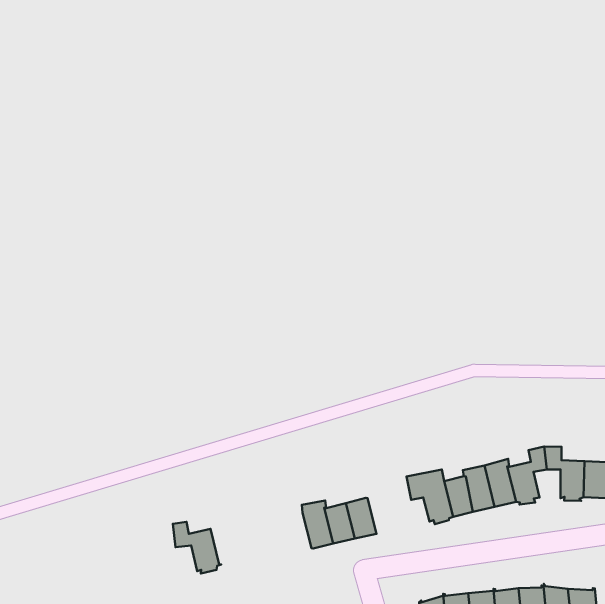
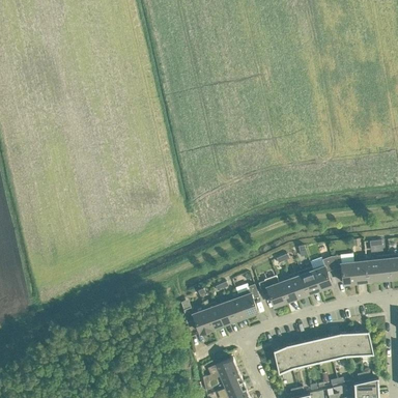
building: none -> [236,285,258,318]
building: [173,522,221,573] -> [183,309,212,336]

